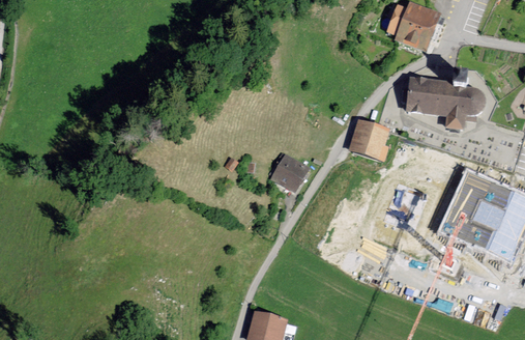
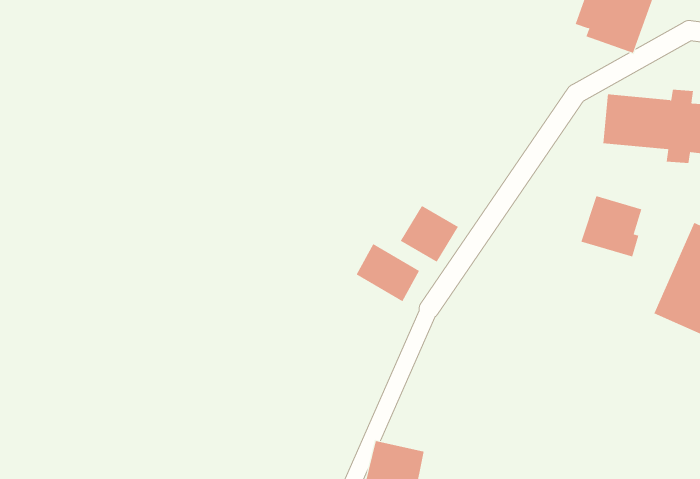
building: [348,119,389,161] -> [580,195,642,257]
building: none -> [356,243,420,302]

